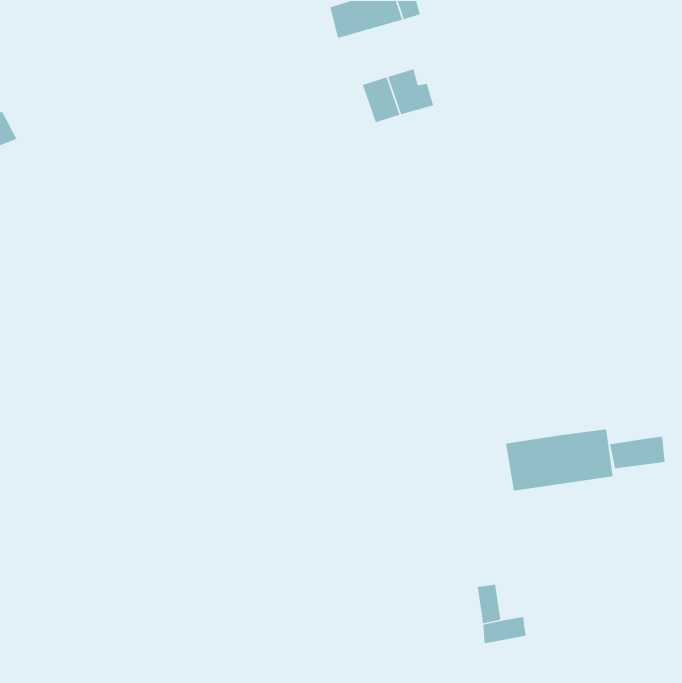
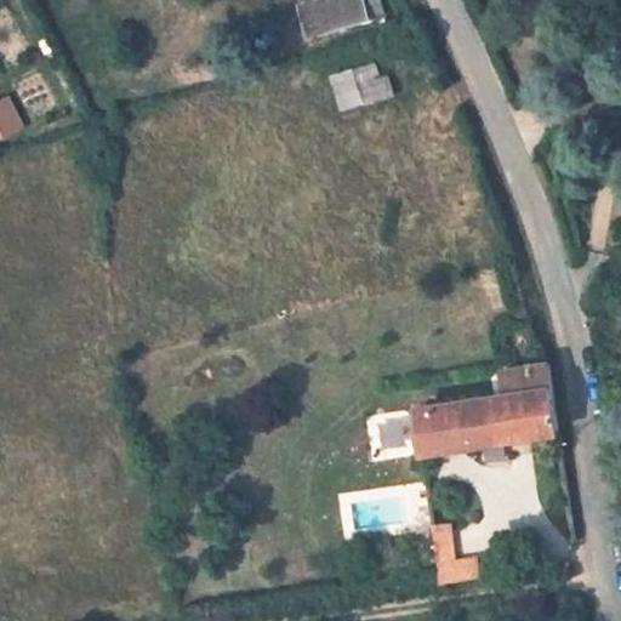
building: [609,436,665,469] -> [498,365,549,395]
building: none -> [414,403,465,454]

